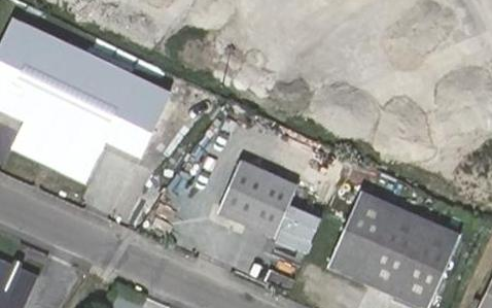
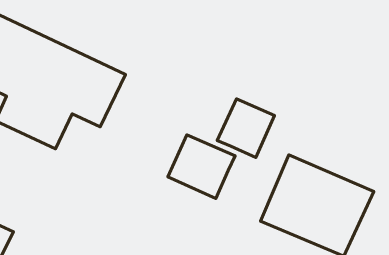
building: none -> [217,99,275,158]
building: [274,207,319,253] -> none

